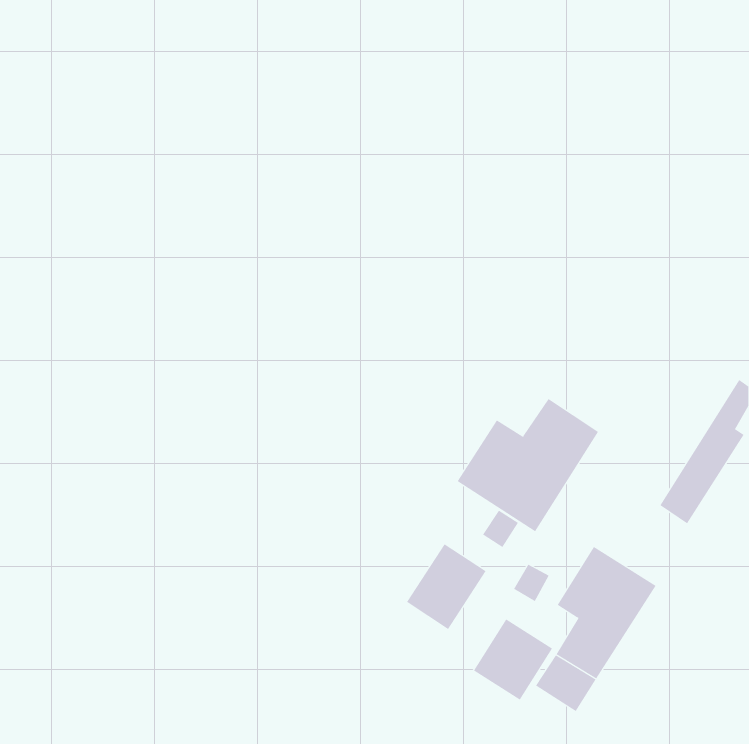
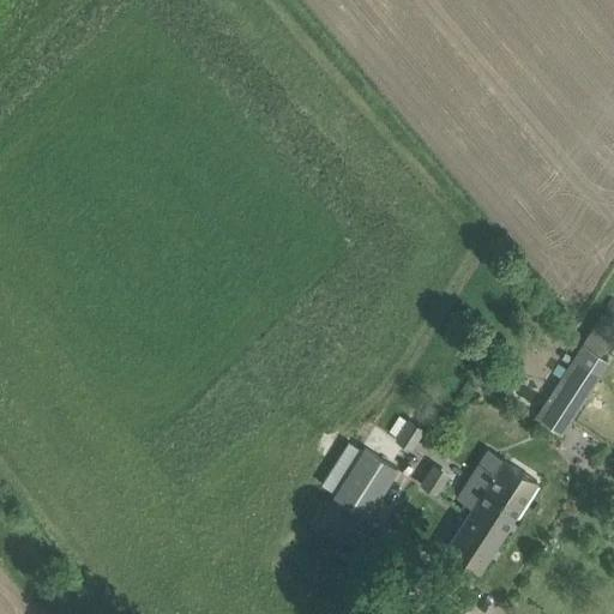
building: [457,398,599,532] -> none
building: [473,619,553,701] -> none

